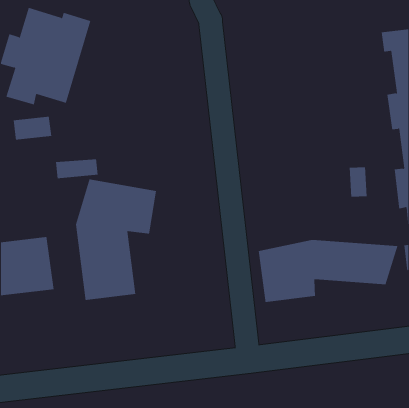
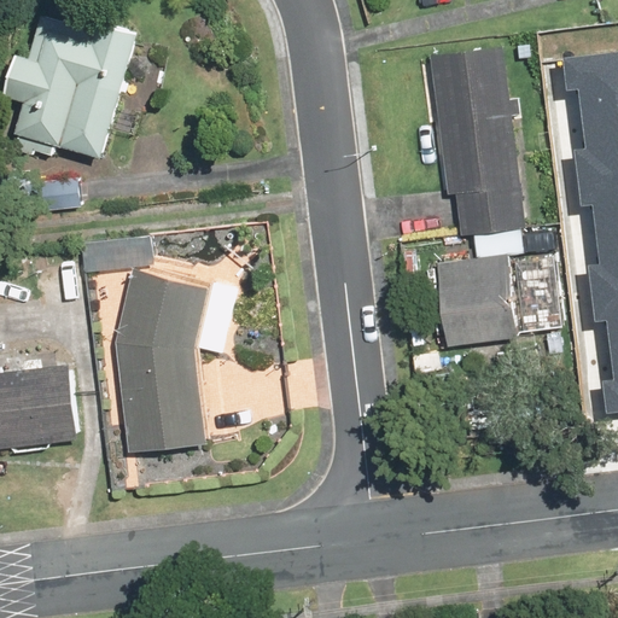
building: none -> [419,47,531,346]
building: [258,239,398,303] -> none

